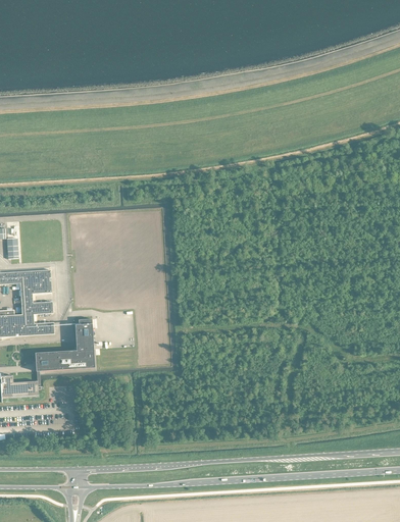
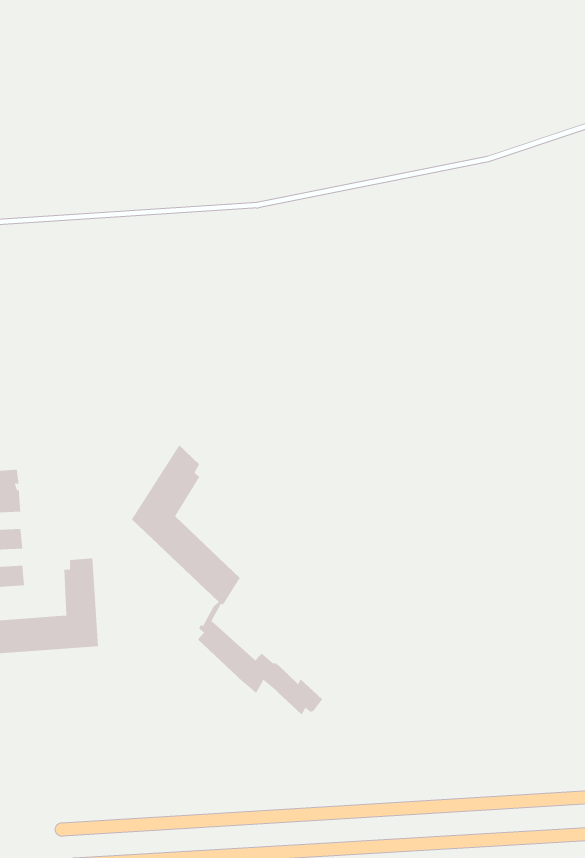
building: none -> [131,445,323,715]

